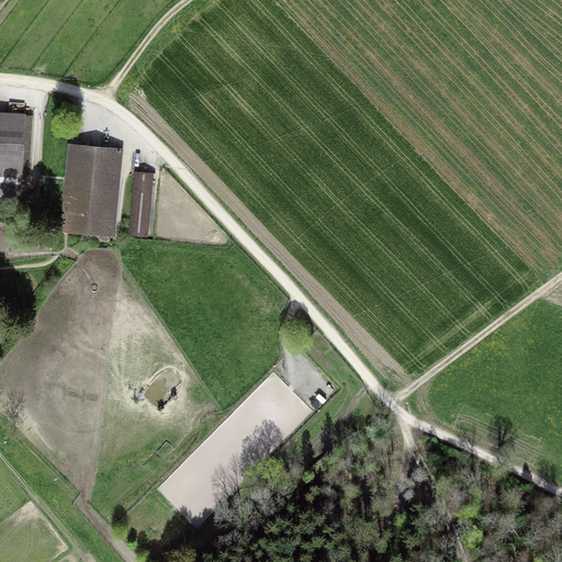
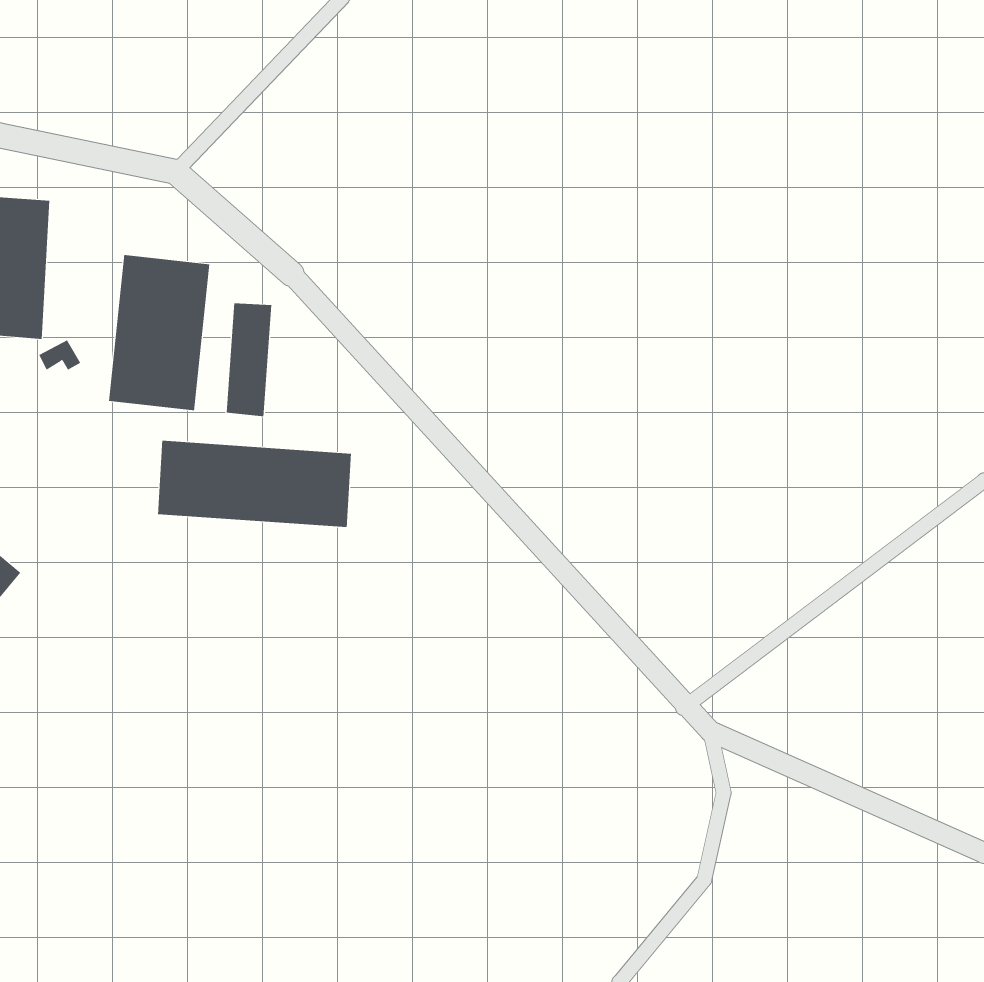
building: none -> [157,440,352,528]

